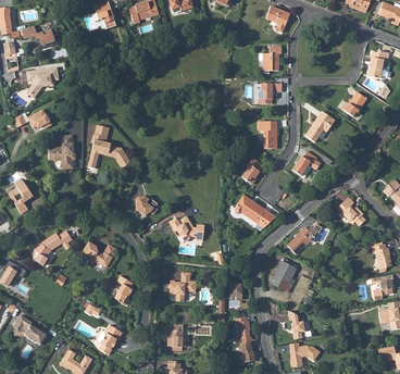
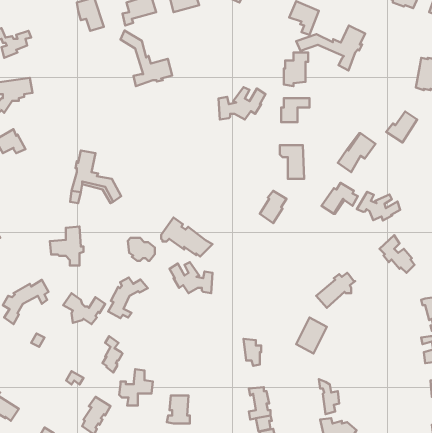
building: none -> [296,26,365,71]
building: none -> [120,31,172,86]
building: none -> [218,87,266,120]
building: [48,136,75,167] -> [50,226,83,265]
building: none -> [357,192,400,221]
building: [234,195,275,226] -> [161,217,212,256]
building: none -> [108,278,148,318]
building: [168,271,196,300] -> [119,369,153,406]

